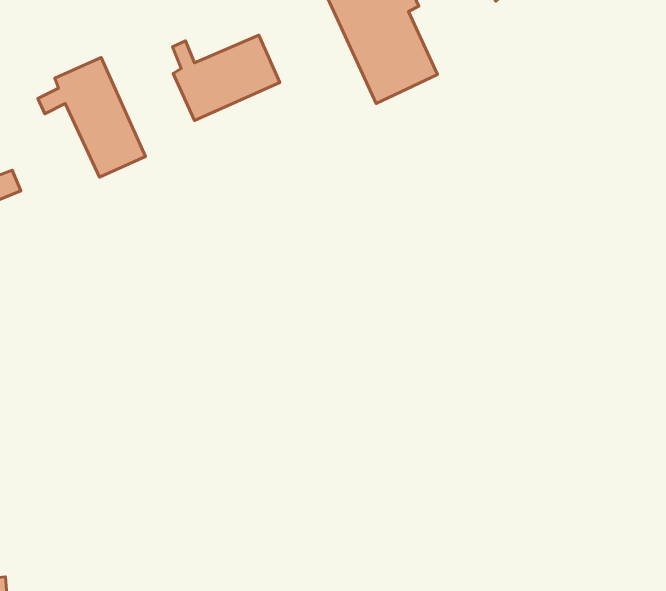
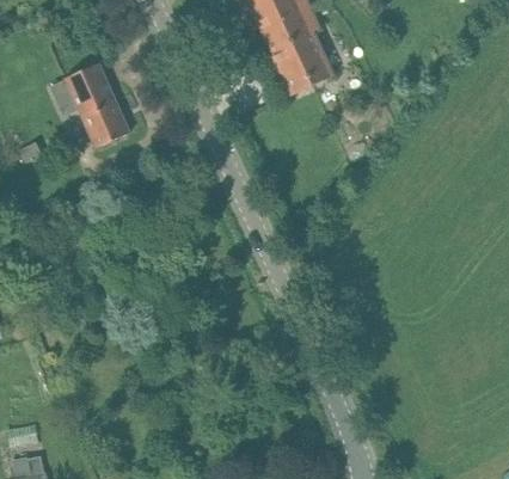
building: [172,35,280,121] -> none

